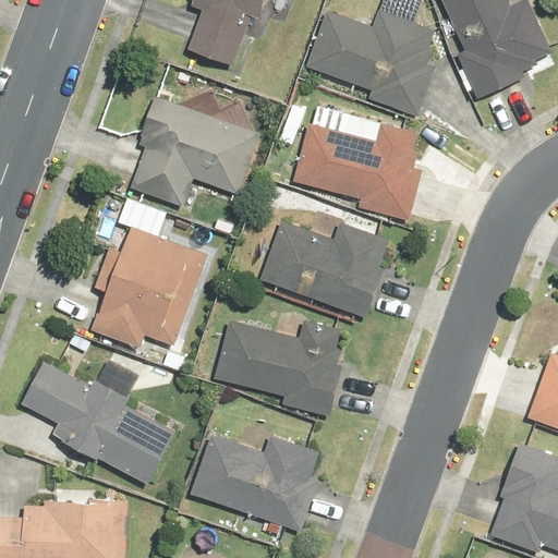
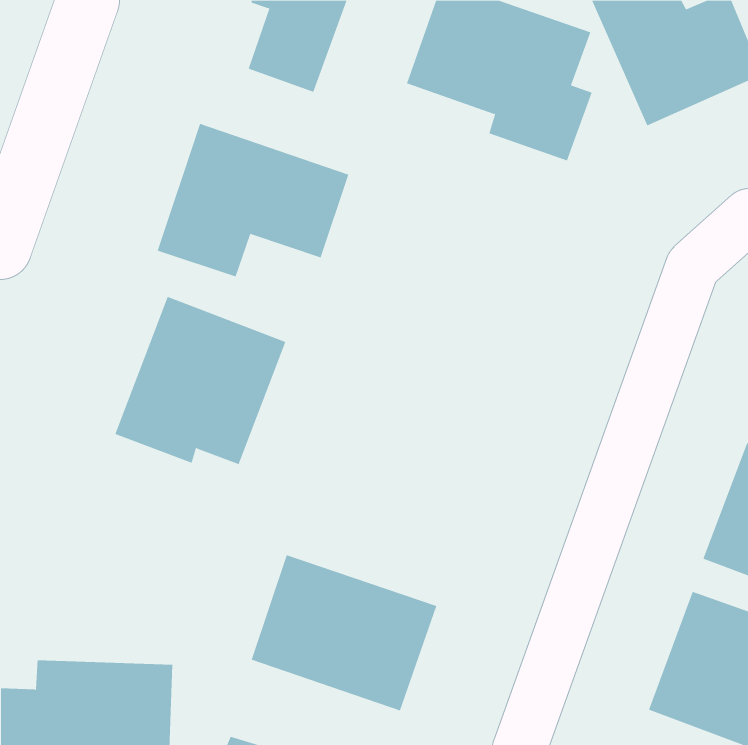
building: [291,120,437,225] -> none
building: [258,211,397,320] -> none
building: [210,299,353,416] -> none
building: [20,355,181,488] -> none

